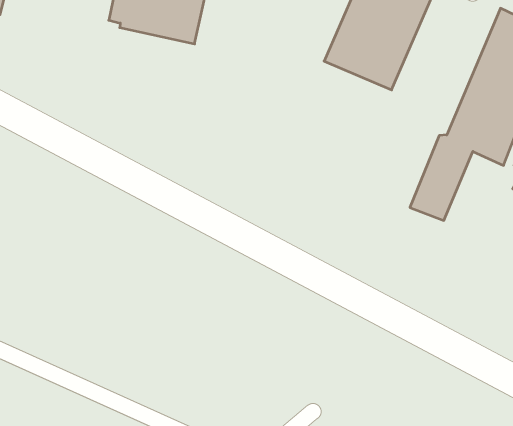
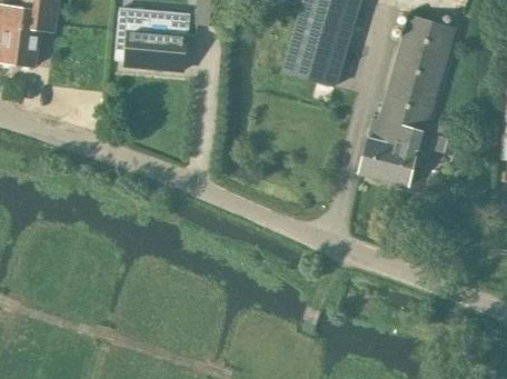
building: none -> [386,126,426,186]

